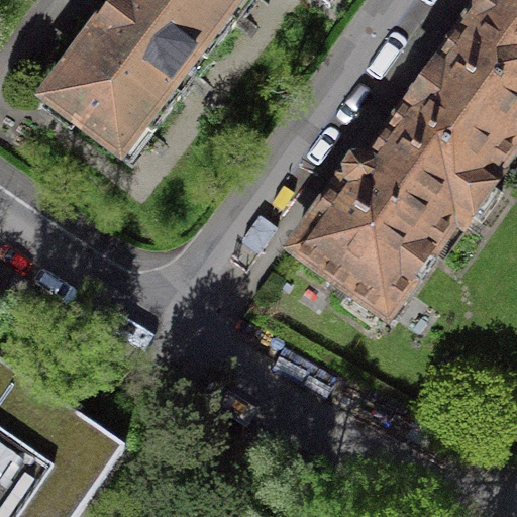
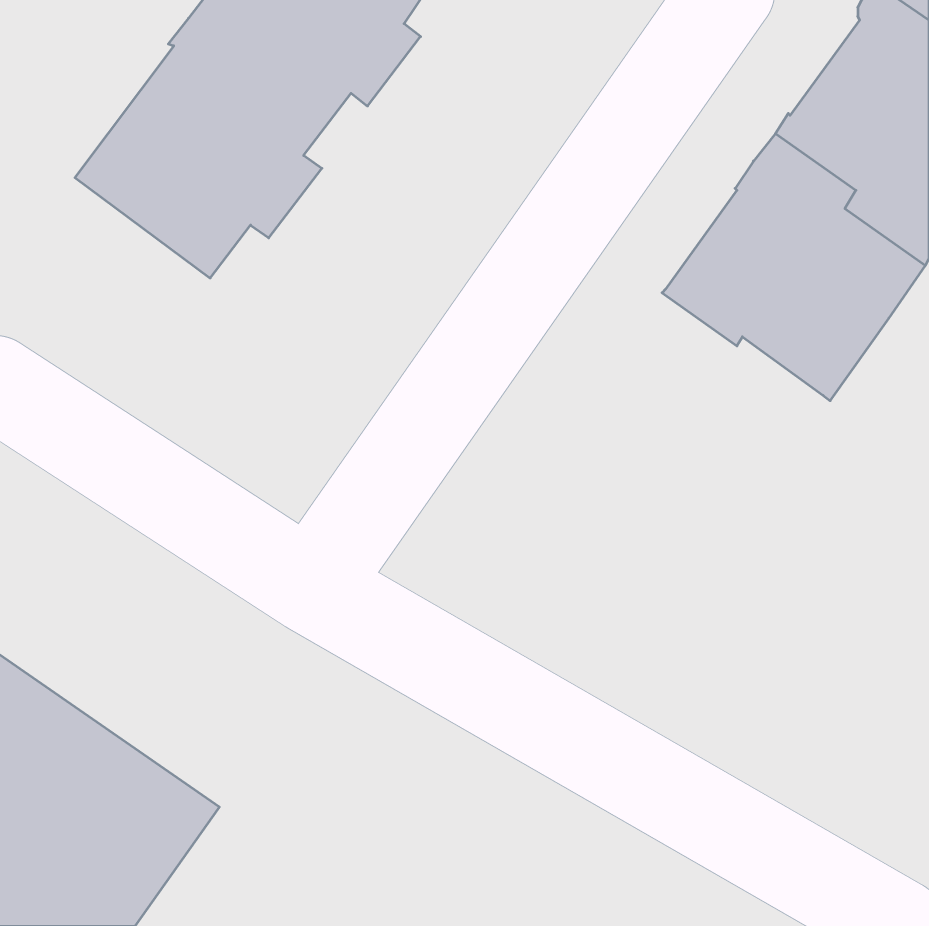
building: [291,158,454,323] -> none

